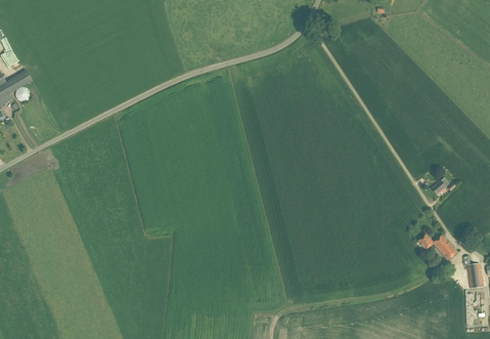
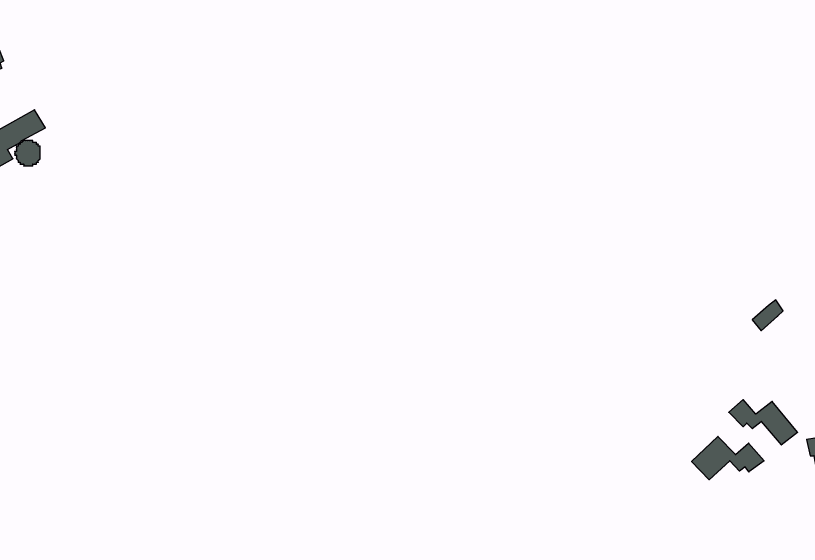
building: none -> [692,436,764,480]

